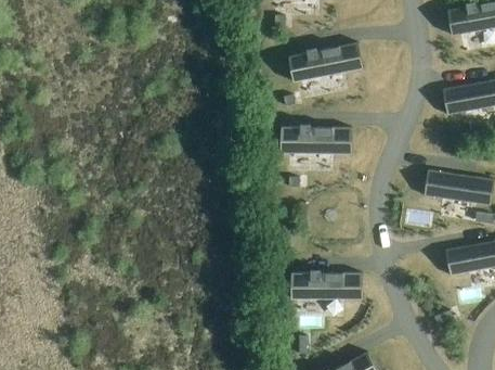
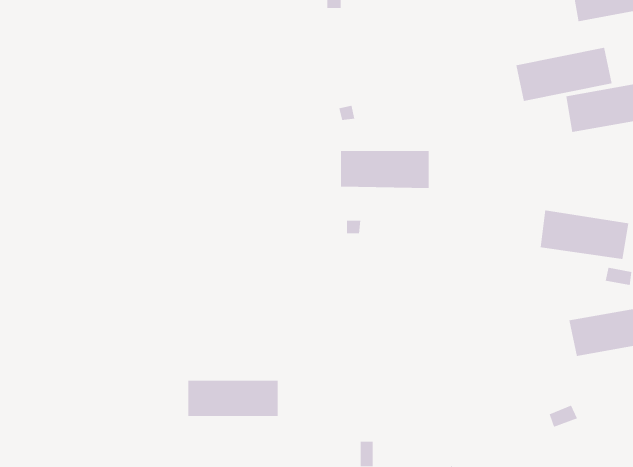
building: [290,43,360,82] -> [516,47,612,102]
building: [294,273,359,299] -> [188,380,278,417]

